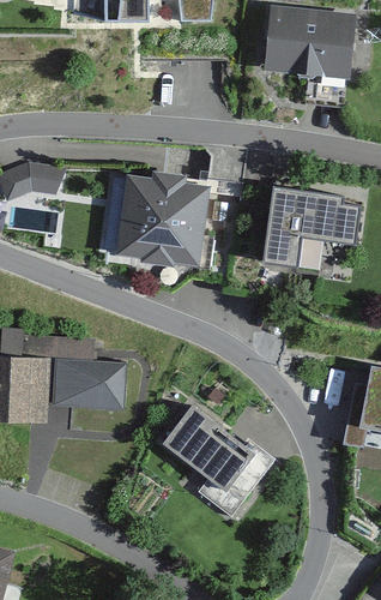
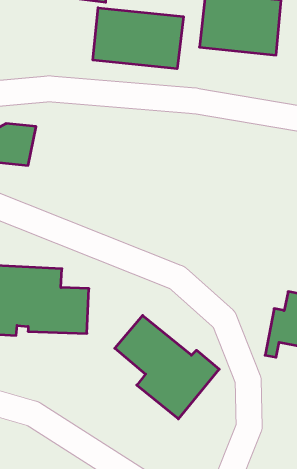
building: none -> [93,8,183,69]
building: [109,173,206,271] -> none
building: [259,186,357,270] -> none

